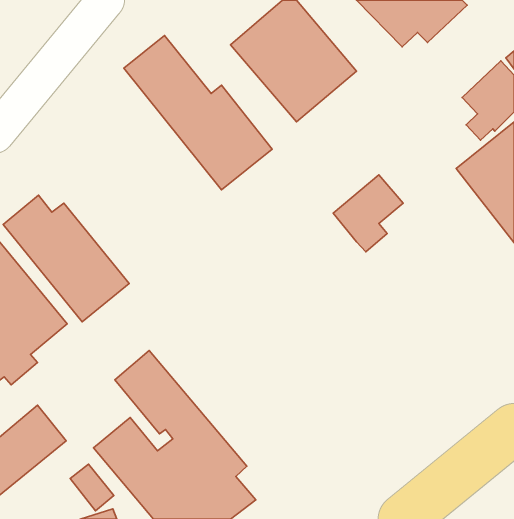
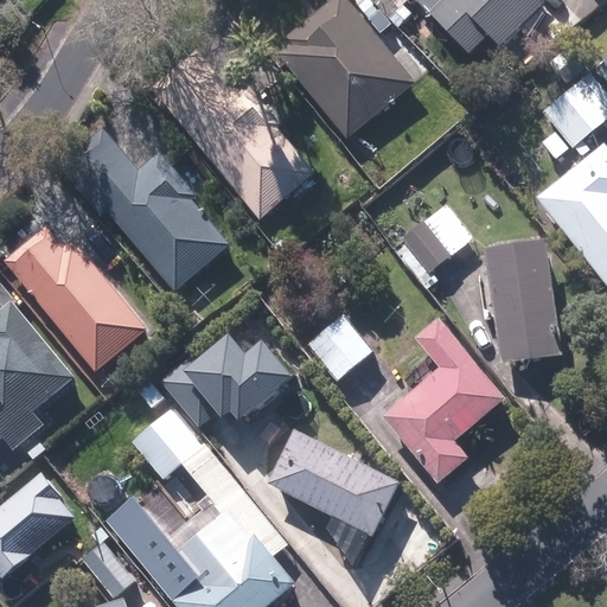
building: none -> [56,124,229,293]
building: none -> [477,239,554,363]
building: none -> [383,318,509,484]
building: none -> [311,319,372,382]
building: none -> [151,334,286,429]
building: none -> [269,430,404,564]

